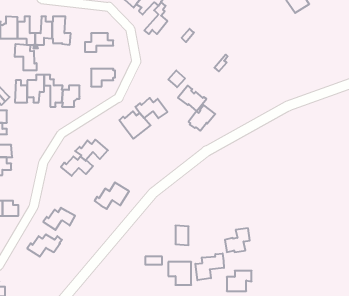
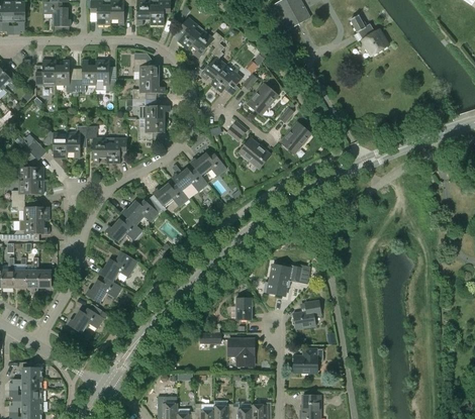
building: none -> [133,59,159,79]
building: none -> [211,65,243,93]
building: none -> [248,85,278,114]
building: [15,44,37,70] -> none
building: none -> [132,100,170,119]
building: [189,105,215,131] -> [281,123,311,152]
building: none -> [150,183,188,212]
building: [95,182,129,209] -> [98,251,137,282]
building: none -> [267,265,300,297]
building: [195,253,224,280] -> none

